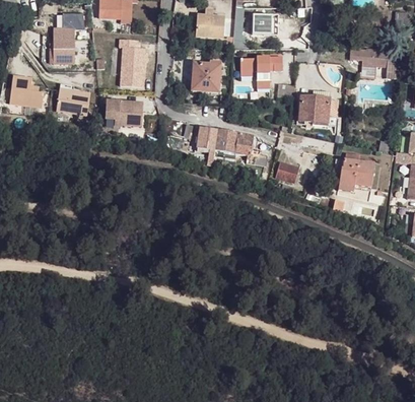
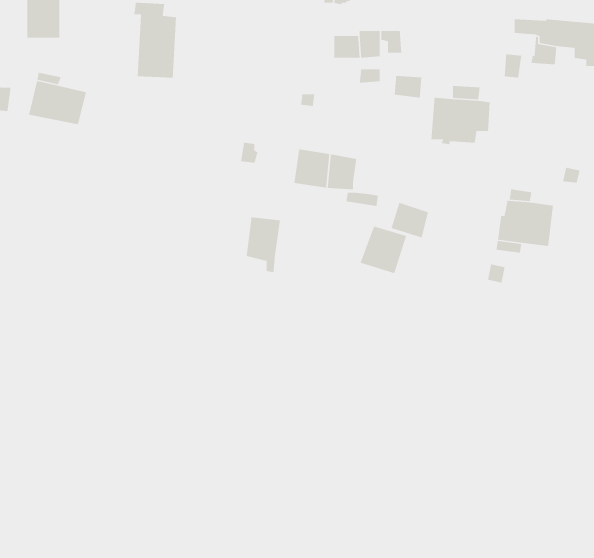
building: [191,60,220,90] -> none
building: [105,99,142,125] -> none
building: [197,126,218,160] -> [246,217,281,273]
building: none -> [360,225,407,274]

